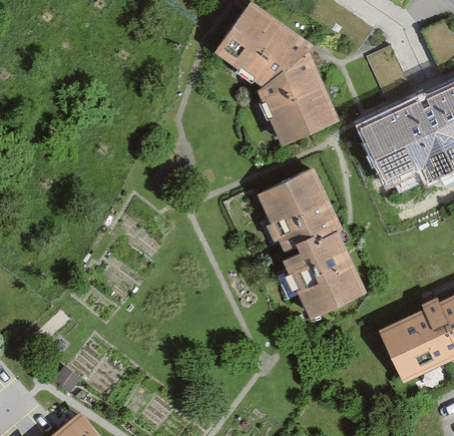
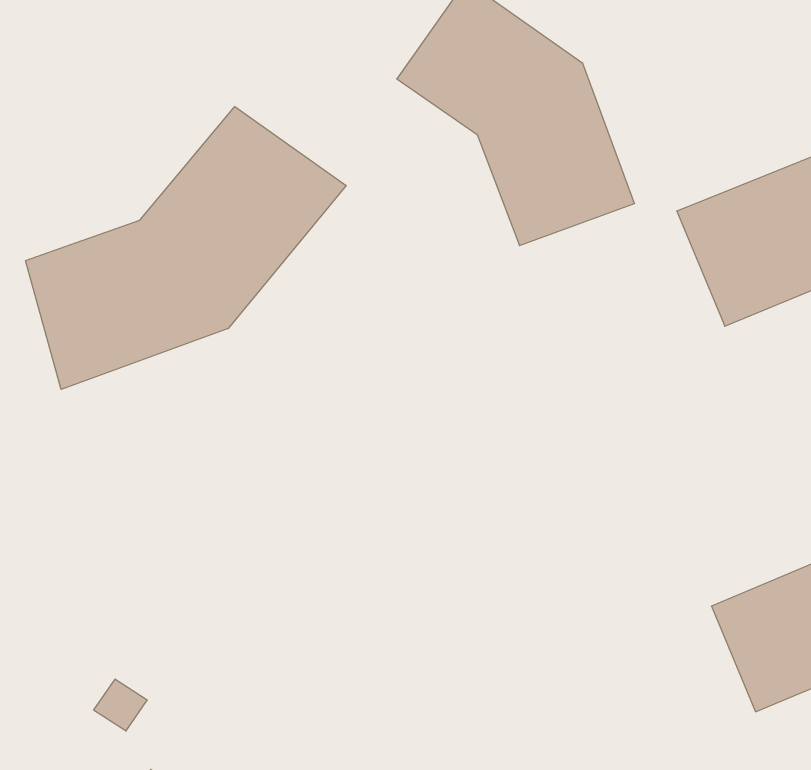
building: none -> [25,107,346,389]
building: [254,169,365,318] -> none

